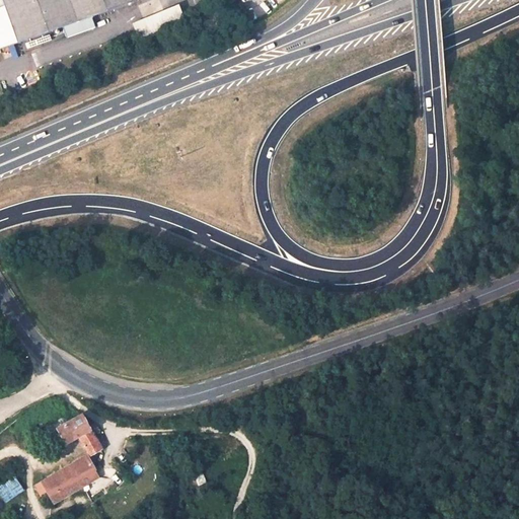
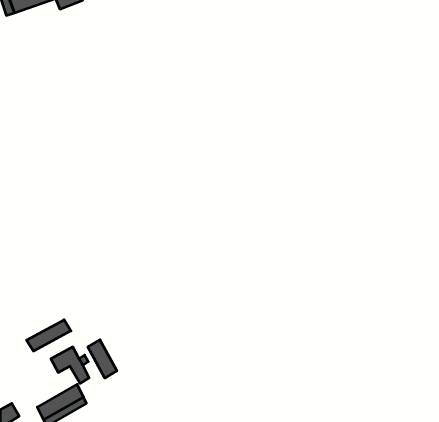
building: none -> [27,320,71,351]
building: none -> [88,340,117,378]

